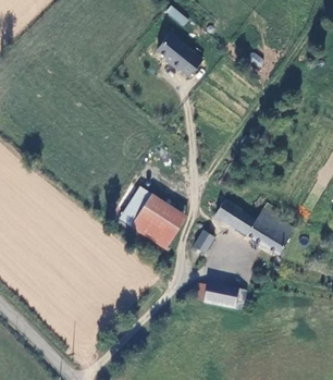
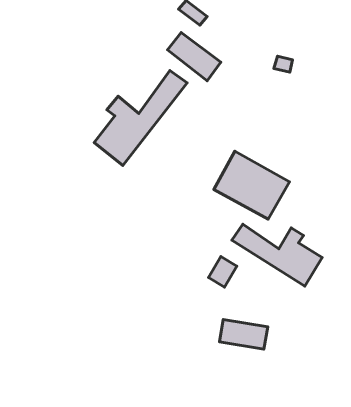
building: none -> [94,70,187,165]
building: [122,188,188,248] -> [214,151,289,219]

